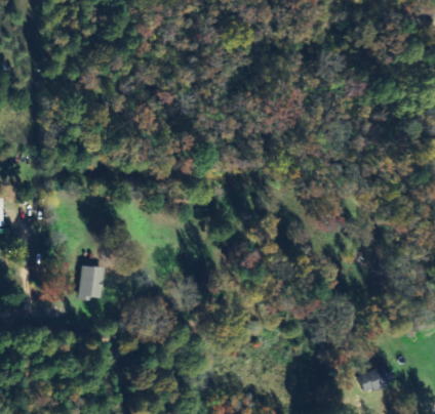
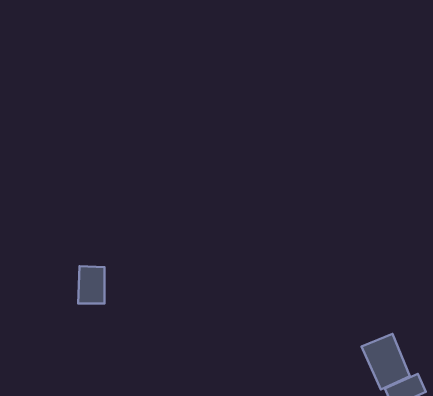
building: none -> [362,334,410,390]

